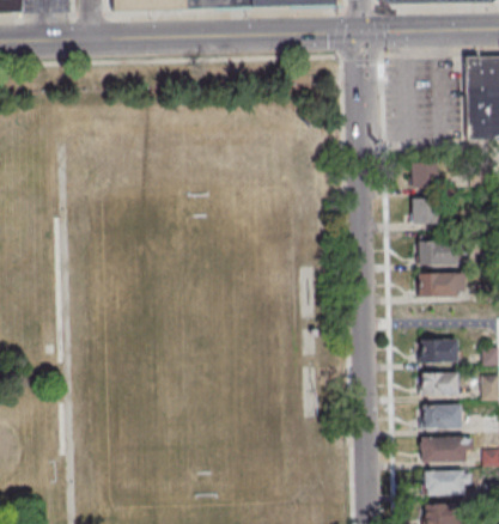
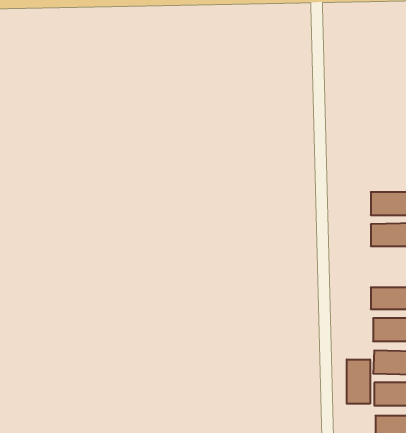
building: [410,162,437,187] -> none
building: [410,197,437,224] -> none
building: none -> [347,359,370,404]

